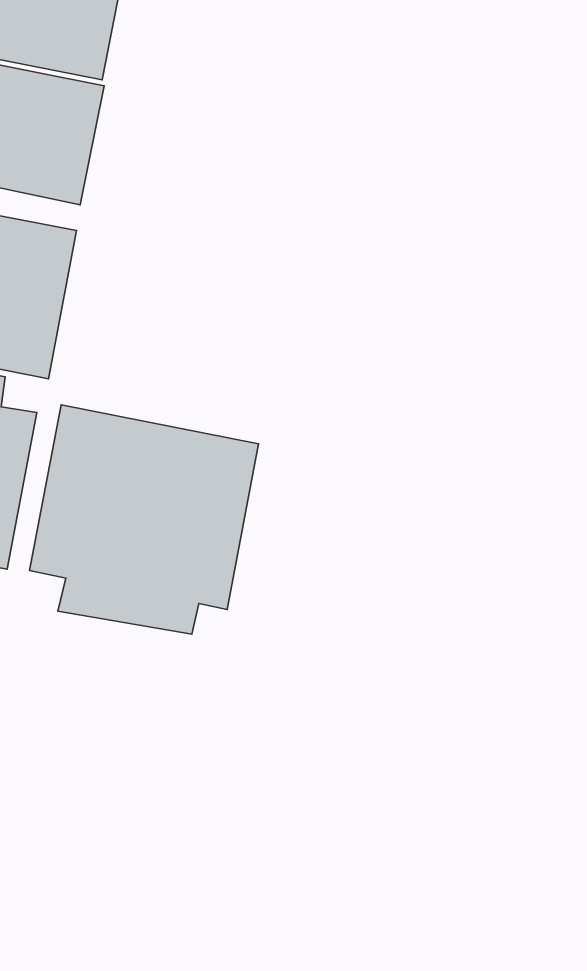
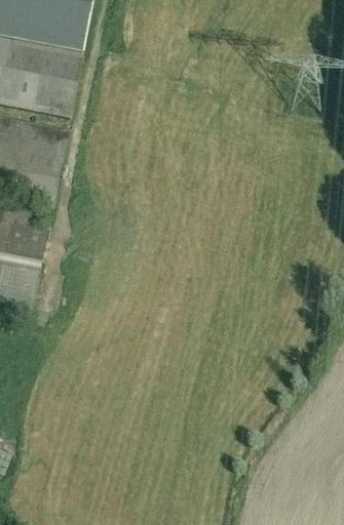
building: [30,405,259,634] -> none

